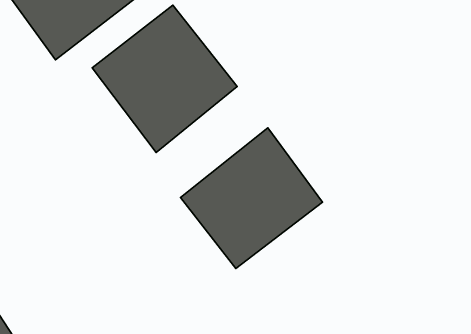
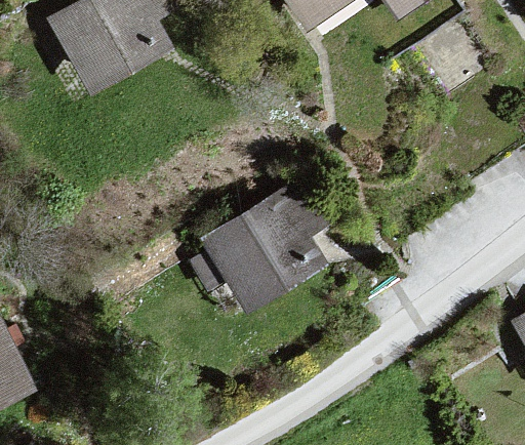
building: [92,5,237,152] -> none

